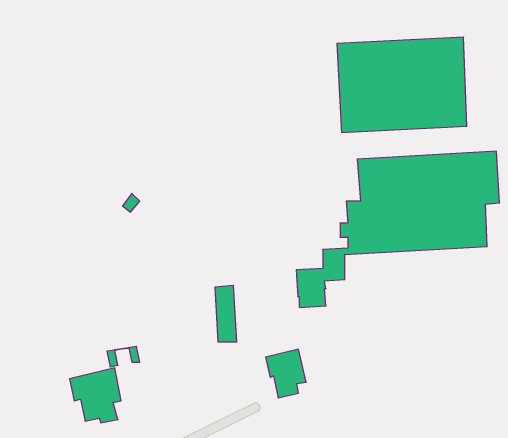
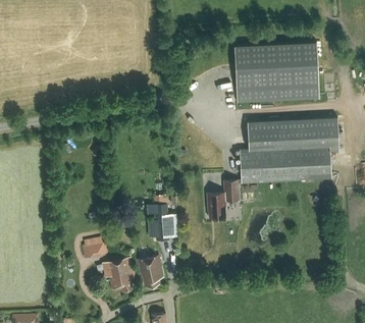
building: [266,349,306,398] -> [138,256,164,287]
building: [69,368,121,423] -> [102,257,136,292]

